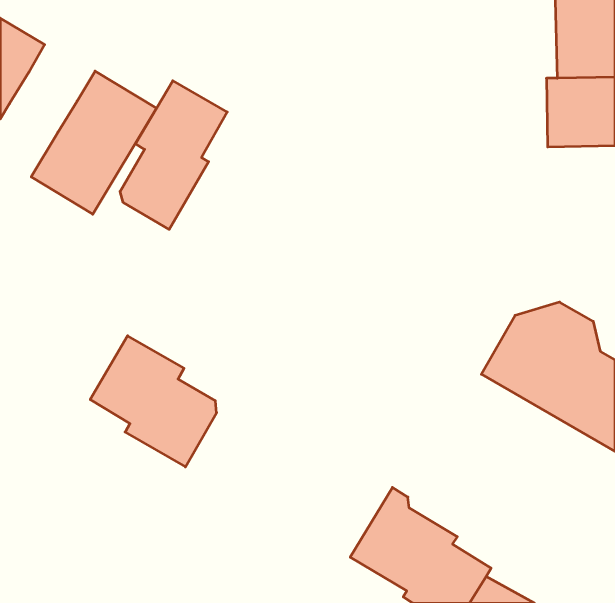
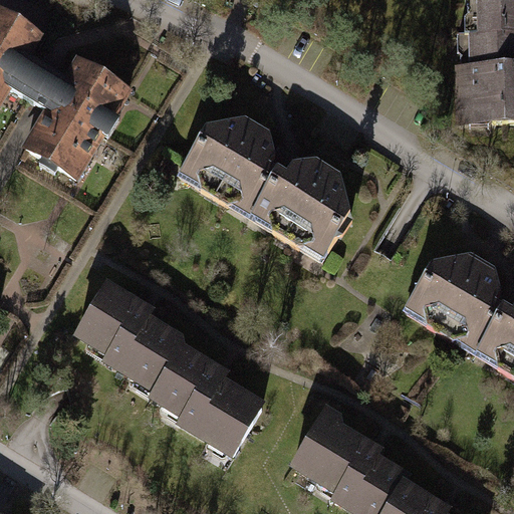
building: none -> [8,60,64,110]
building: [120,81,227,229] -> none
building: none -> [176,113,346,256]
building: none -> [151,344,263,454]

